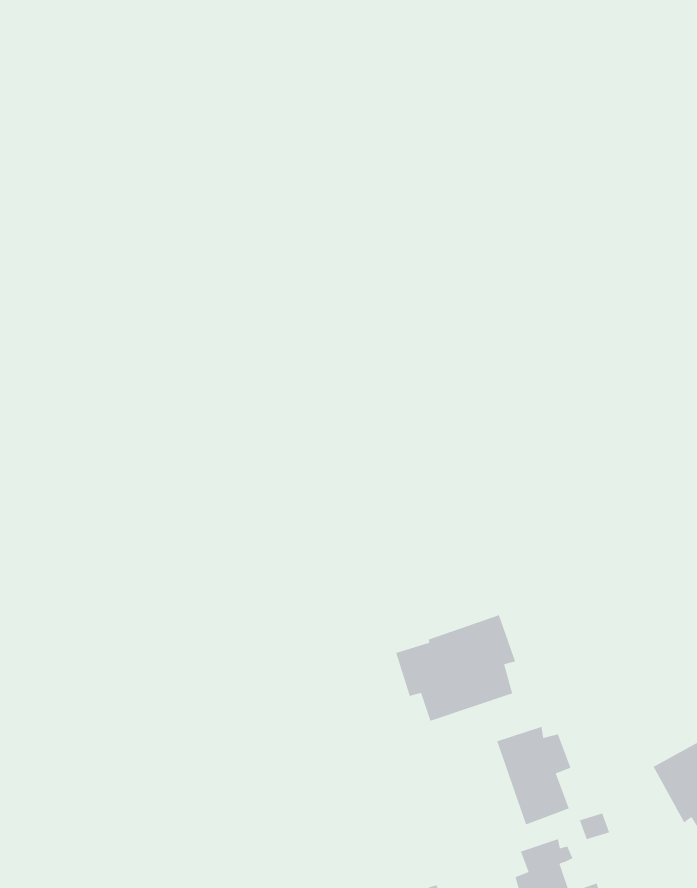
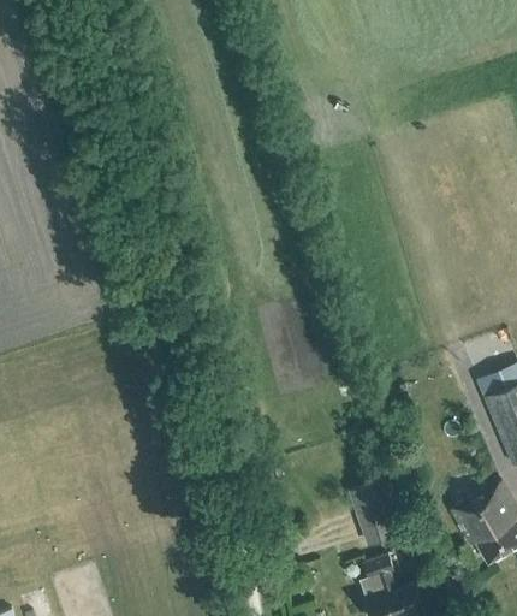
building: [395,614,516,722] -> none

